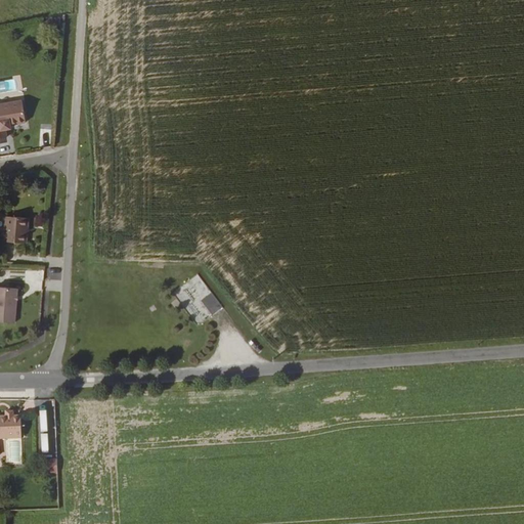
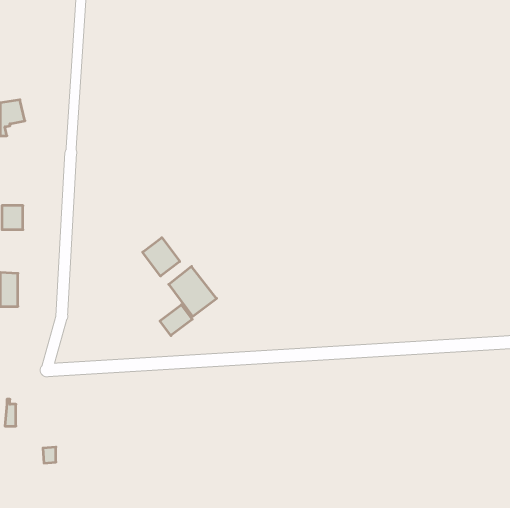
building: none -> [143,238,180,276]
building: none -> [160,305,192,336]

